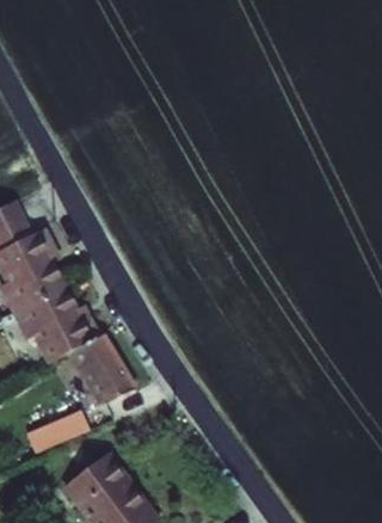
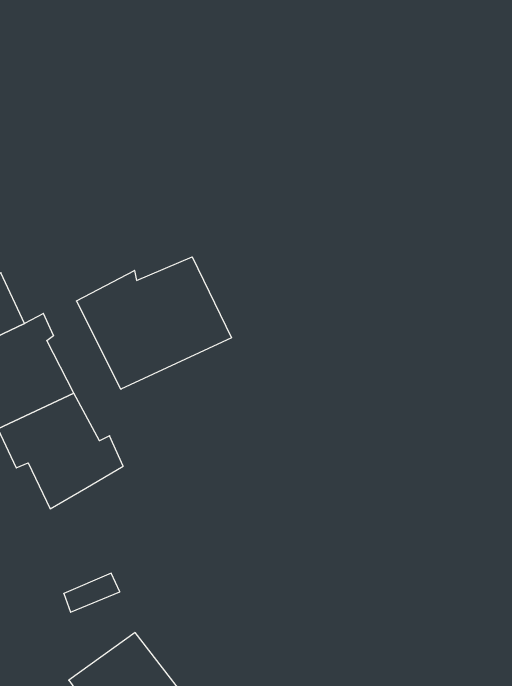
building: none -> [76,257,231,389]
building: [73,333,134,402] -> none

